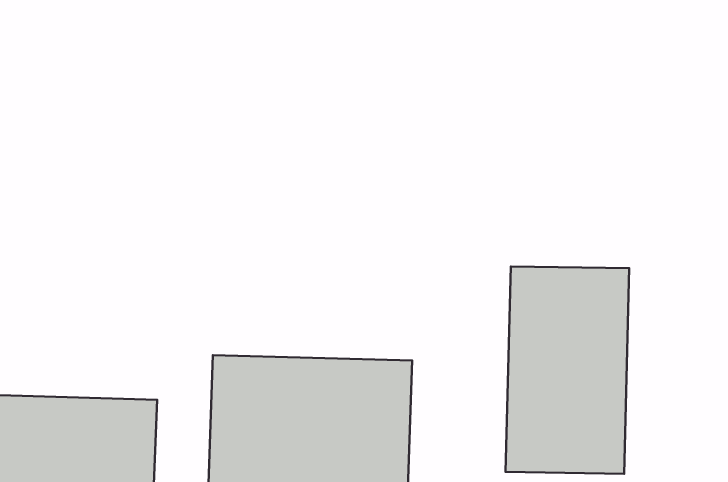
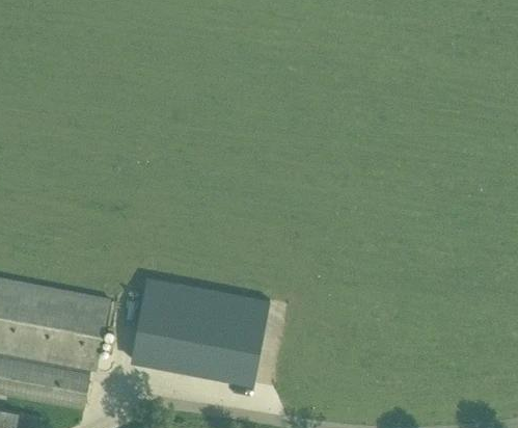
building: [506,267,629,474] -> none

